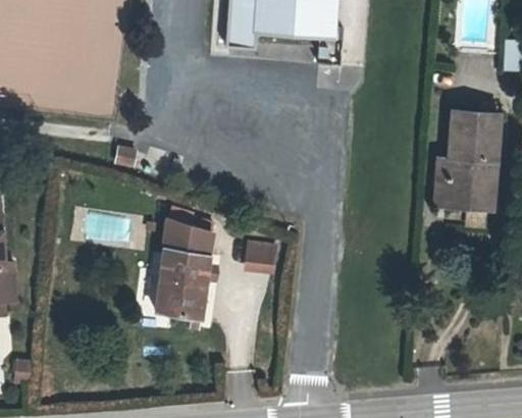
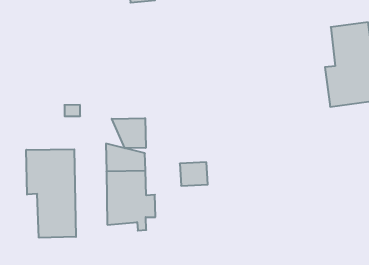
building: none -> [112,118,146,148]
building: none -> [26,149,76,238]

